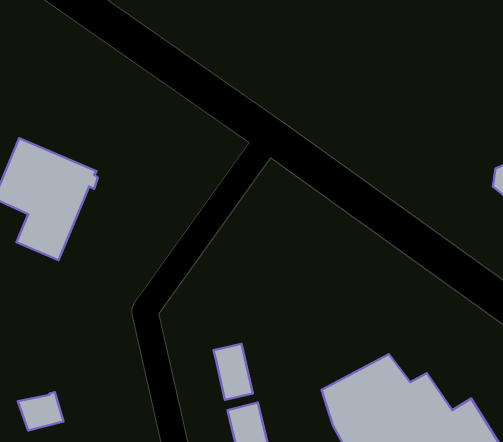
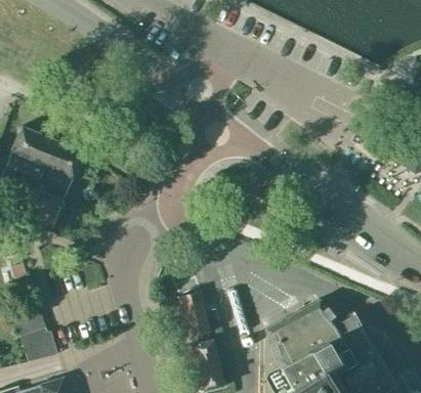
building: none -> [13,310,47,344]

